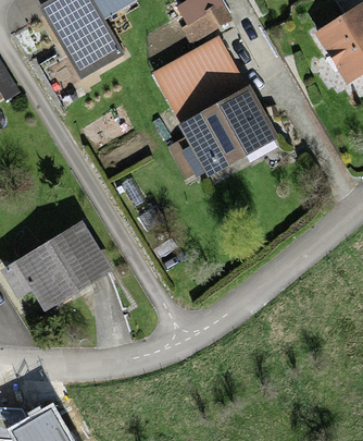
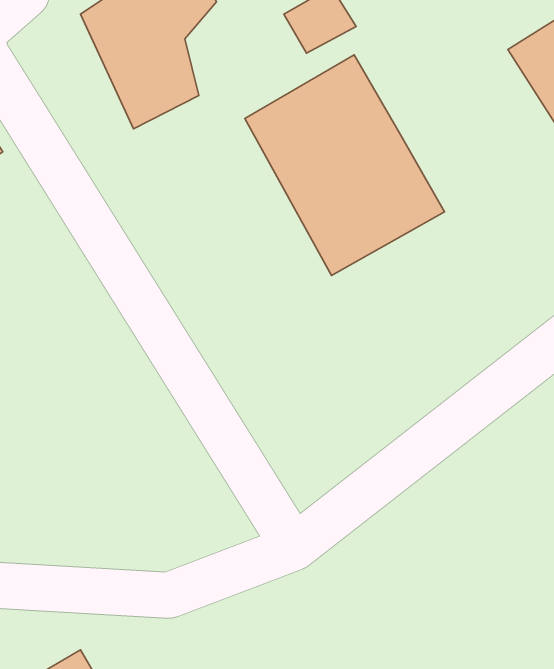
building: [14,228,105,309] -> none

